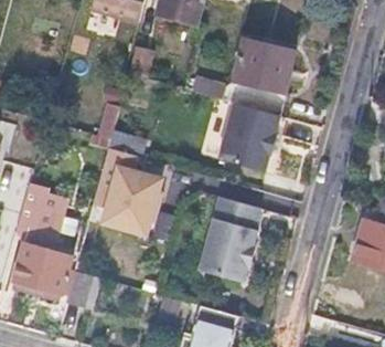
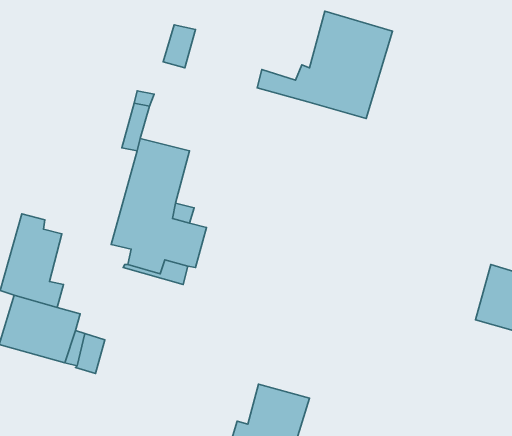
building: [218,103,278,171] -> none
building: [199,197,259,282] -> none

